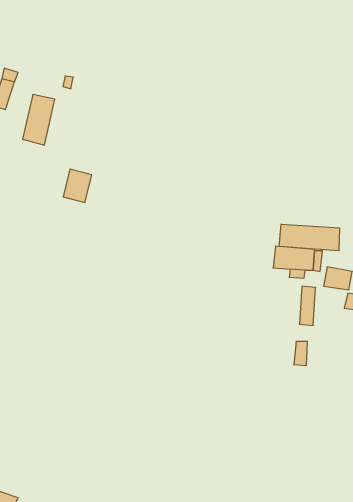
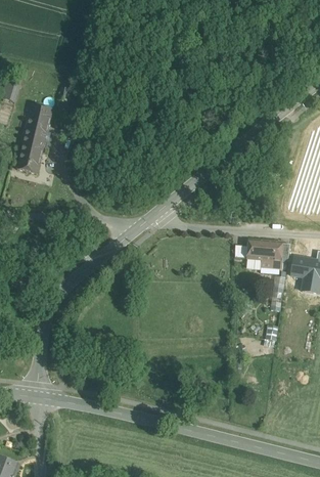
building: [63,169,92,202] -> [16,143,42,173]
building: [279,224,339,251] -> none

